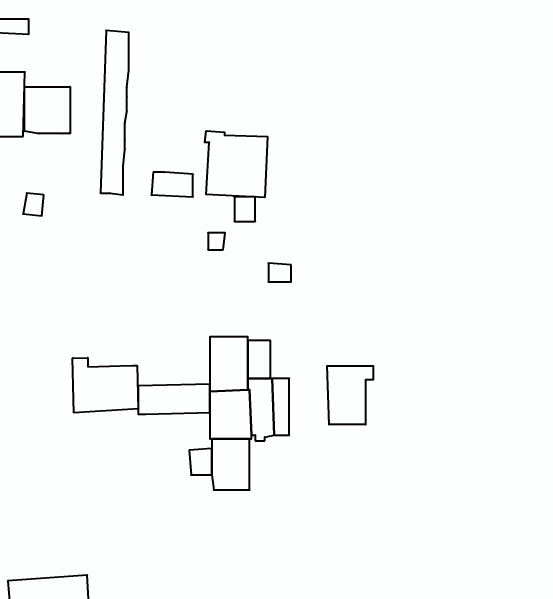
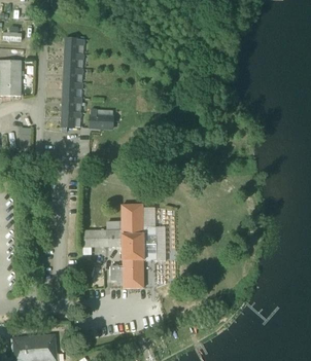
building: [24,87,70,134] -> none
building: [205,131,267,197] -> none
building: [73,358,138,413] -> none
building: [327,366,373,425] -> none

